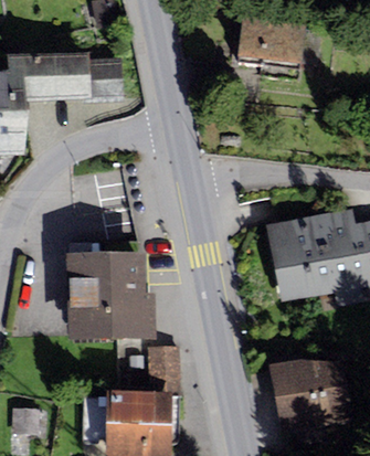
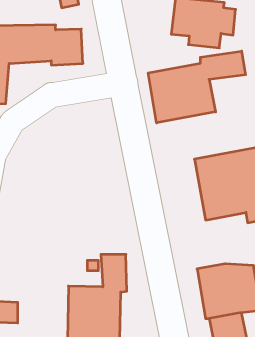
building: none -> [148,51,246,123]
building: [64,251,155,339] -> none

